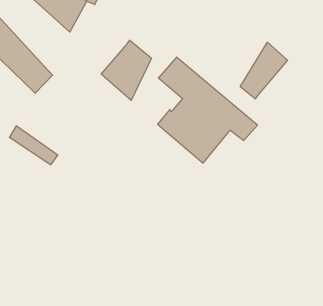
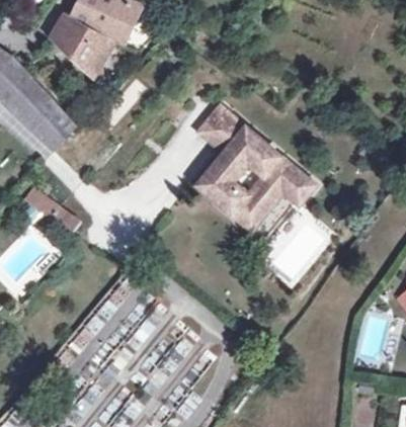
building: [101,40,151,100] -> none
building: [240,42,288,99] -> none

